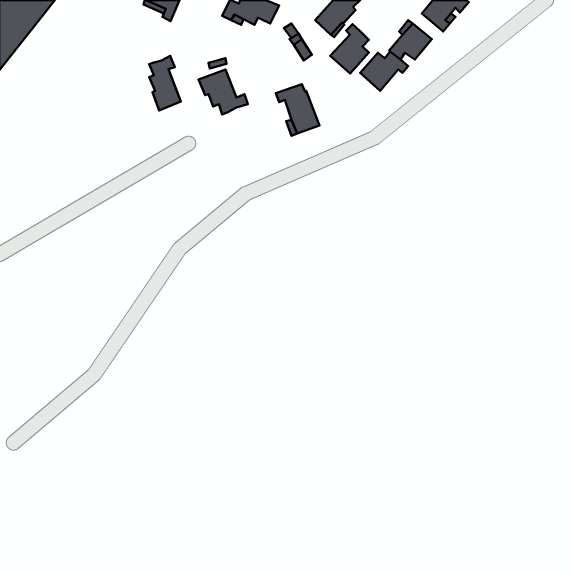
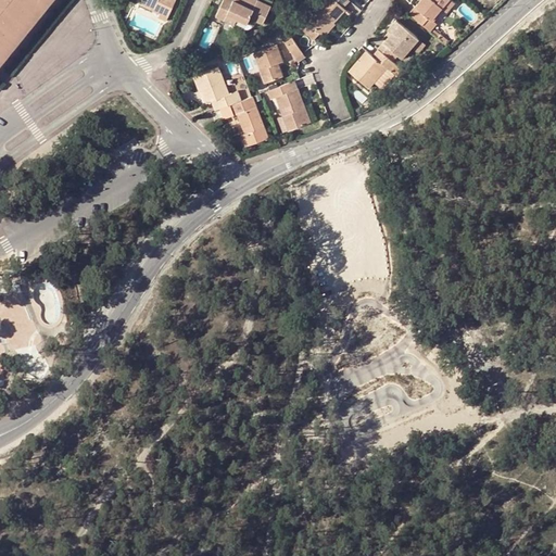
building: [330,24,369,74] -> none
building: none -> [254,45,282,83]
building: [149,56,181,110] -> none
building: none -> [220,97,268,146]

